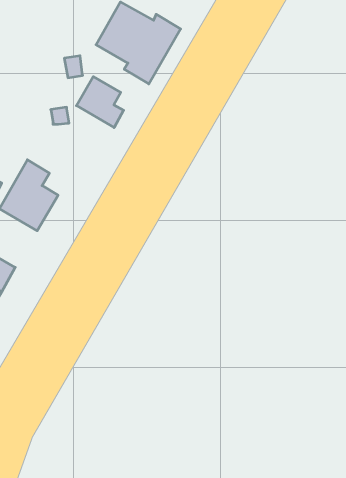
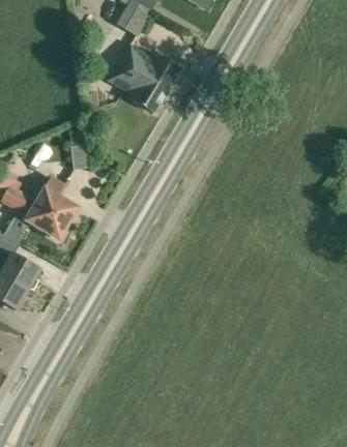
building: [76,77,124,128] -> none

